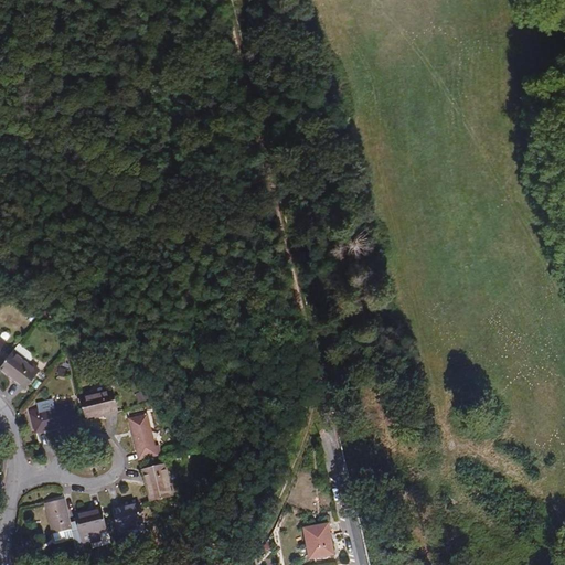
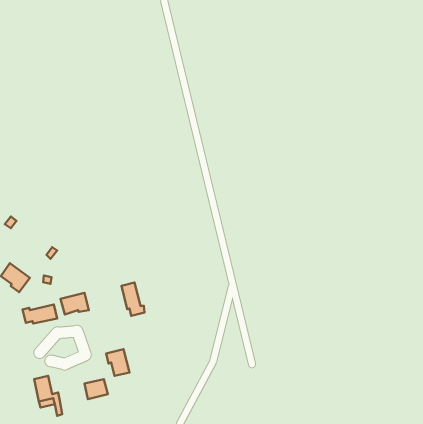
building: [129,415,160,459] -> [121,283,145,316]
building: [75,505,105,533] -> none
building: [303,524,333,558] -> none

